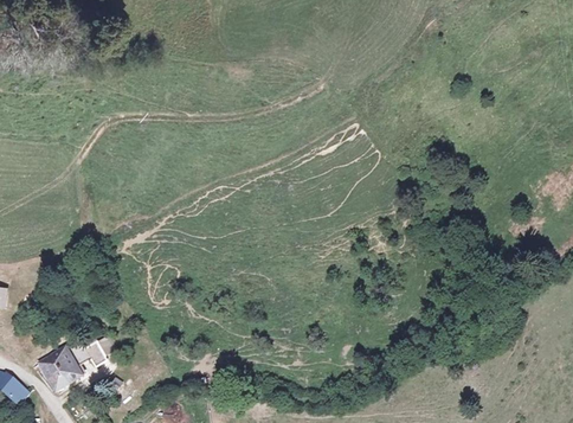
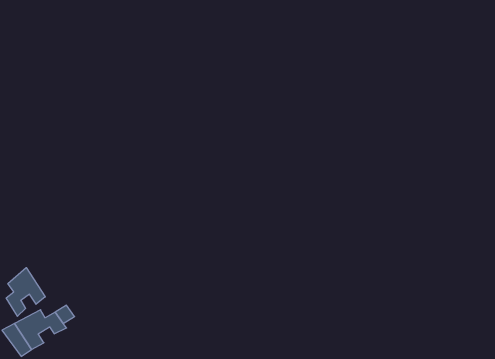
building: none -> [6,268,45,316]

